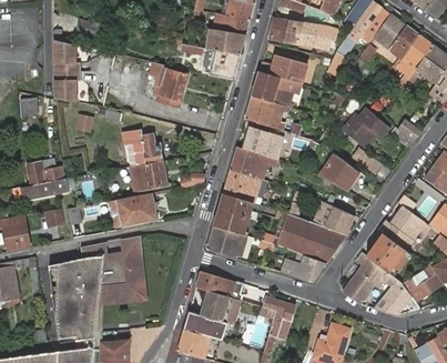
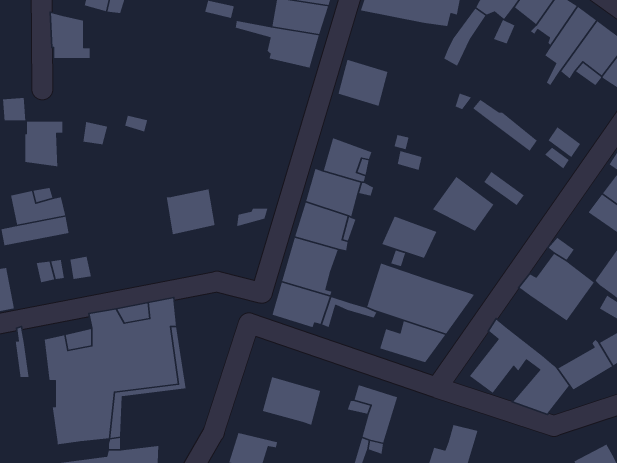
building: [258,56,307,84] -> none
building: [150,63,187,109] -> none
building: [54,71,81,103] -> [25,121,63,167]
building: [244,95,288,130] -> none
building: [343,115,385,147] -> none
building: [125,130,163,167] -> none
building: [109,194,156,228] -> none
building: [314,203,353,233] -> [381,216,437,259]
building: [368,235,410,276] -> none
building: [195,271,242,301] -> none
building: [183,312,227,340] -> none

